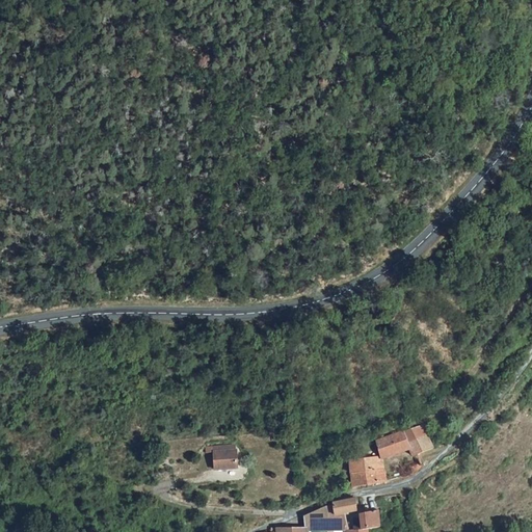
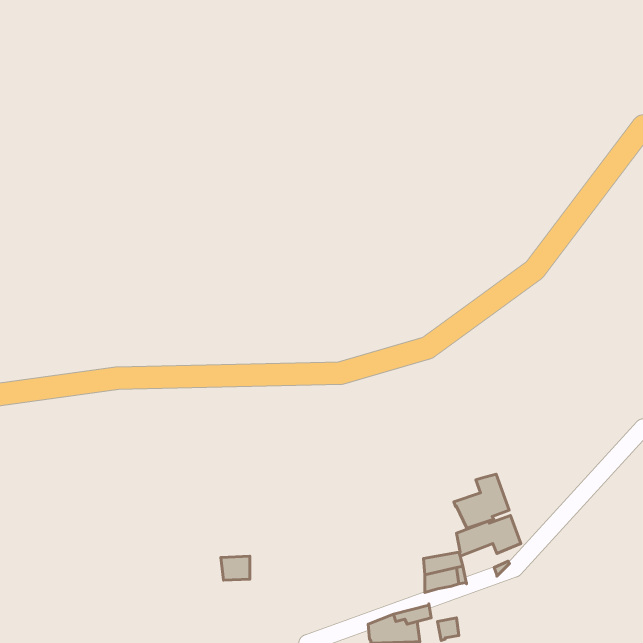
building: none -> [454,474,509,528]
building: [213,446,237,466] -> [221,556,250,580]

